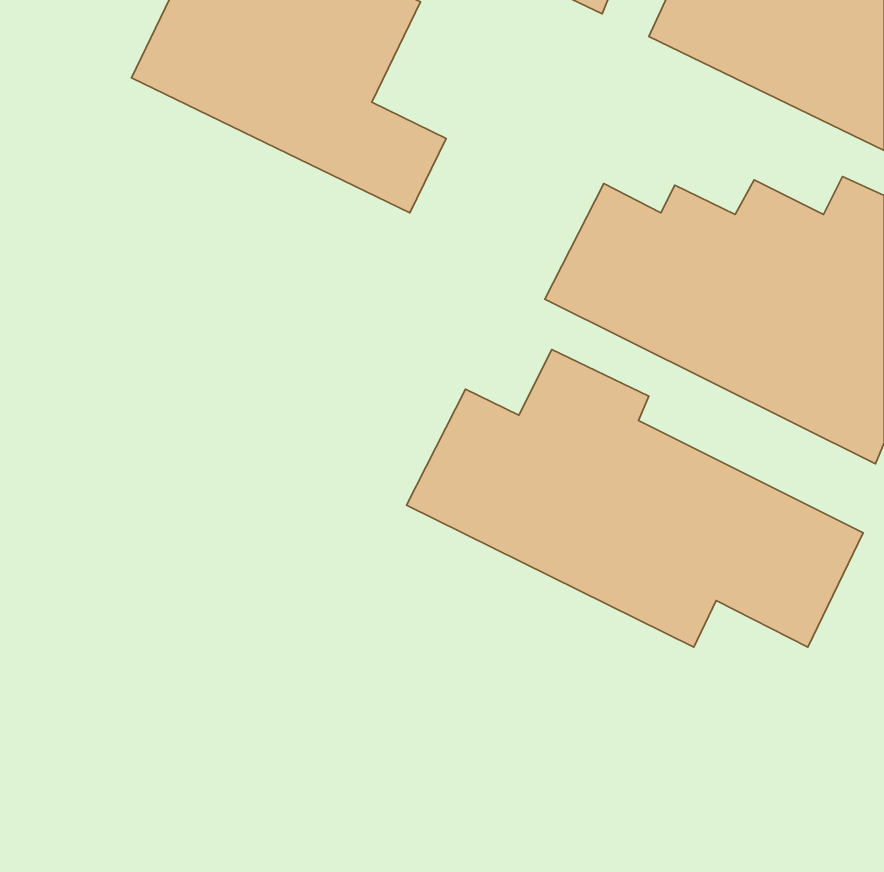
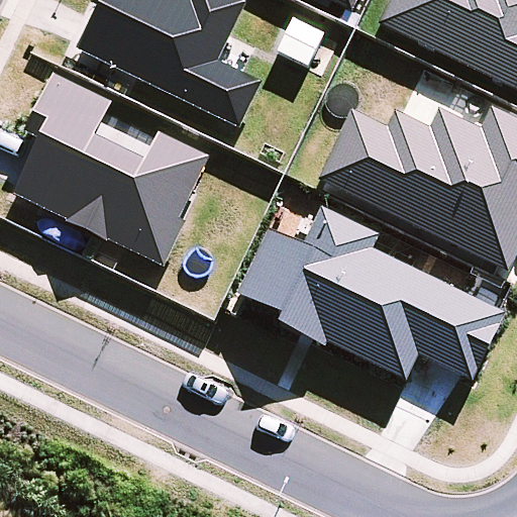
building: none -> [13,73,210,262]

